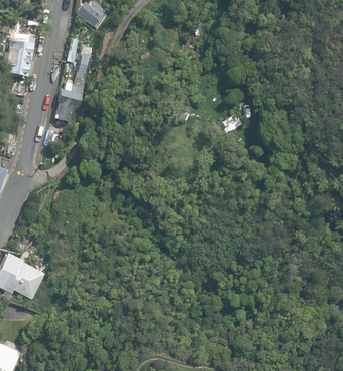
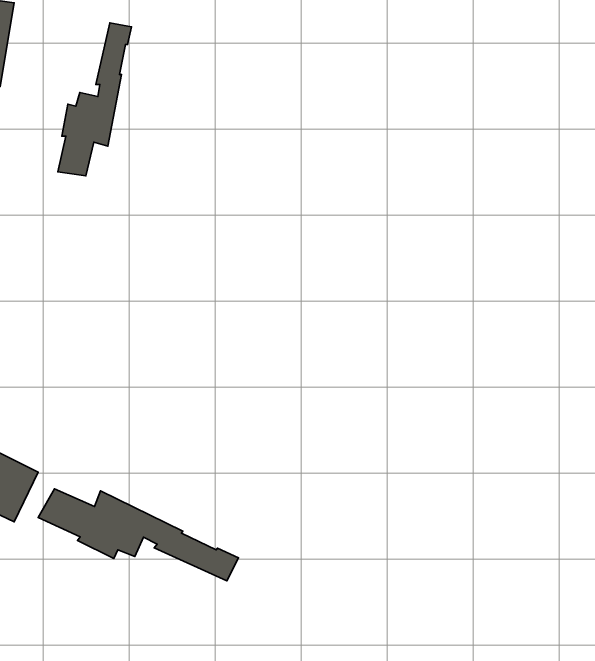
building: none -> [38,489,239,581]

